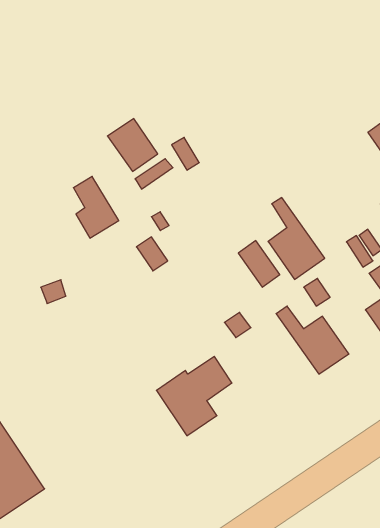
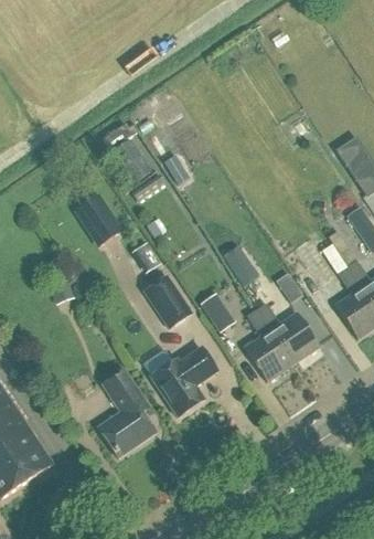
building: [268,198,325,279] -> [244,309,293,381]
building: none -> [145,276,192,327]
building: none -> [97,369,156,456]

